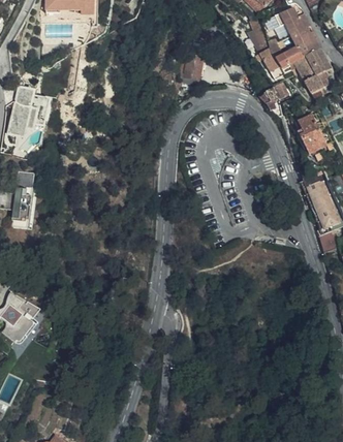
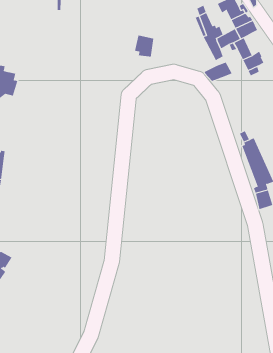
building: [306,48,330,76] -> none
building: [297,116,326,155] -> none

